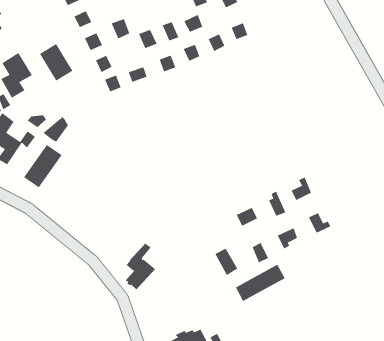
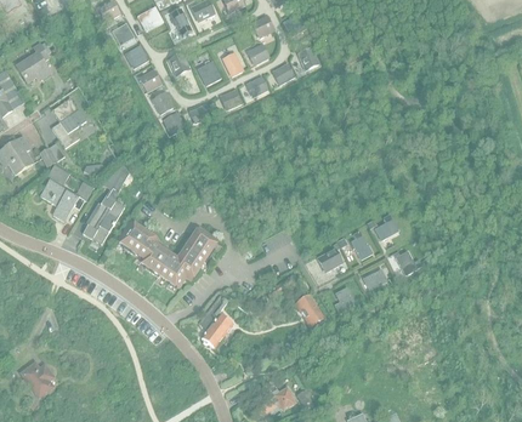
building: [39,43,73,81] -> none
building: none -> [119,221,216,285]
building: [235,264,285,302] -> none

